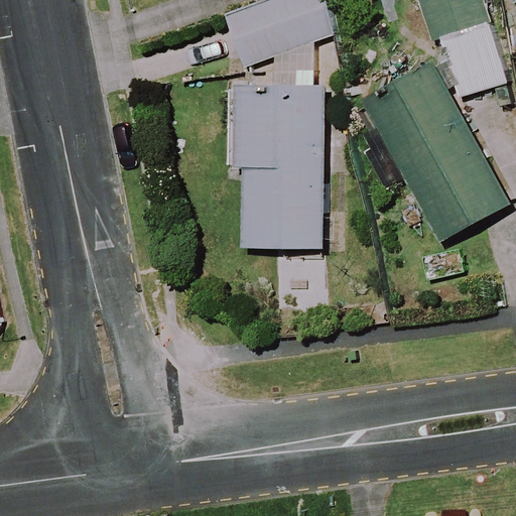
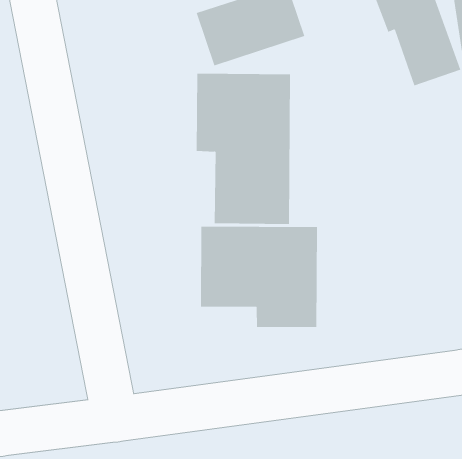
building: [367,62,509,239] -> none
building: none -> [201,226,317,328]

